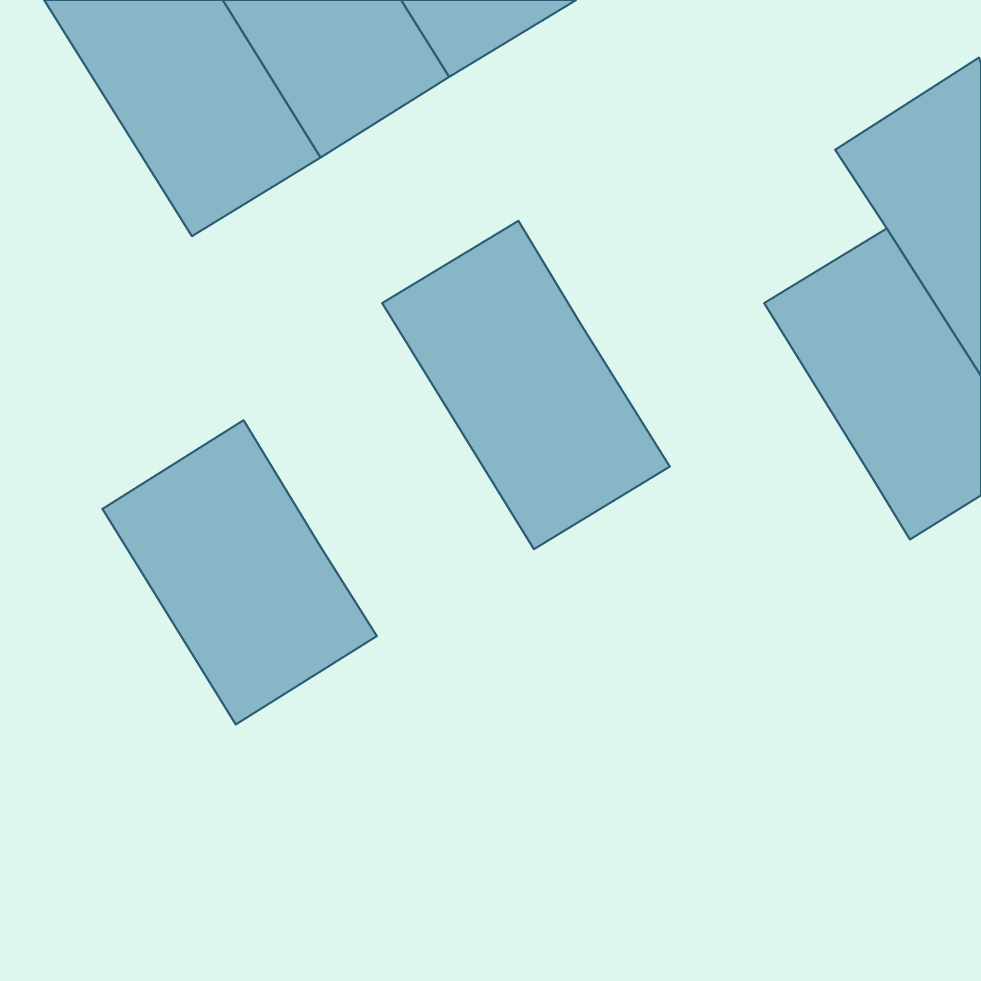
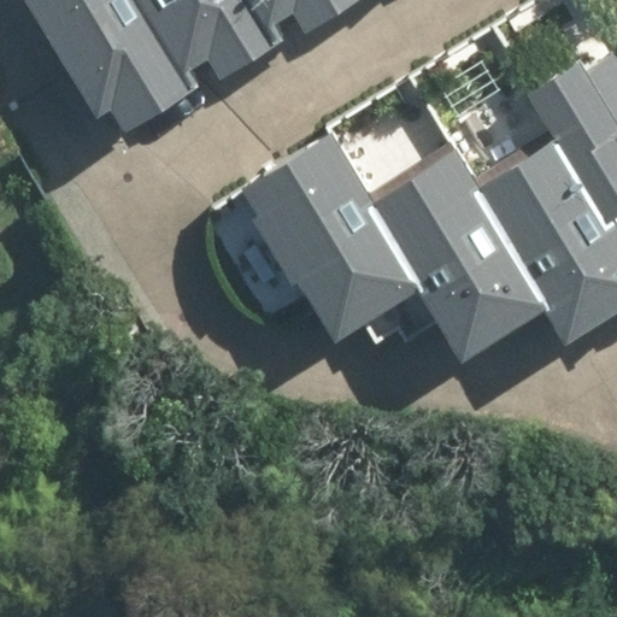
building: none -> [364,147,548,355]
building: [102,420,377,725] -> none

